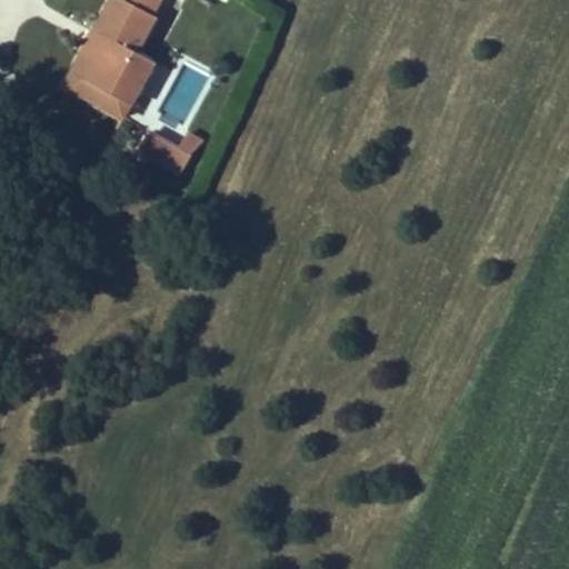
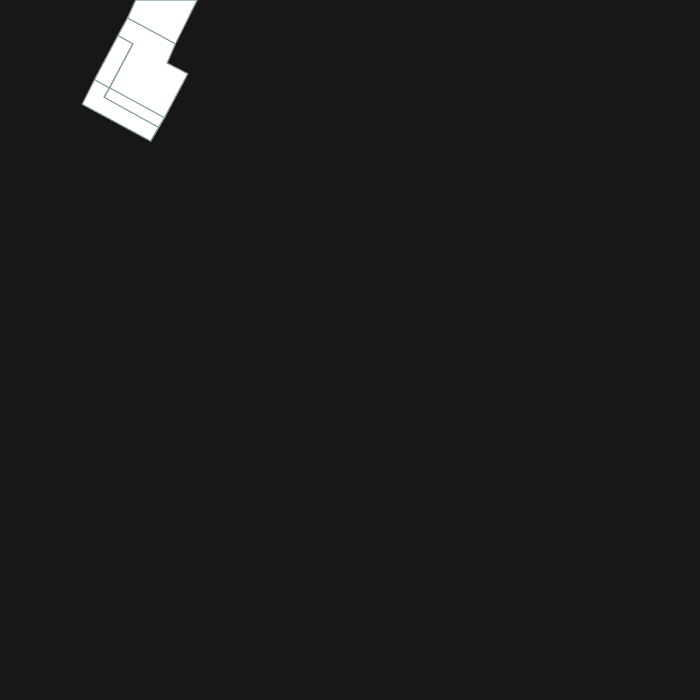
building: [139,131,203,173] -> none

